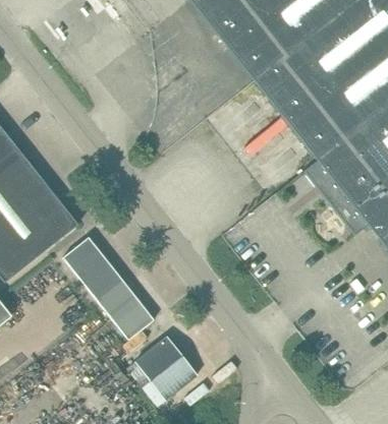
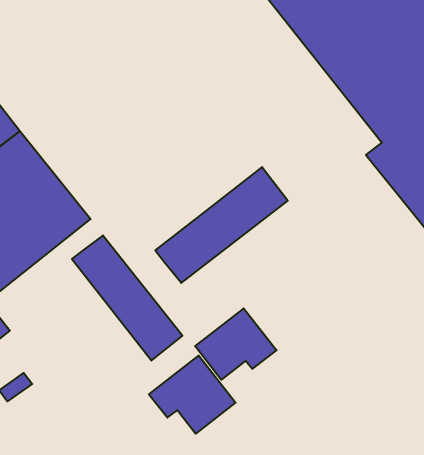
building: none -> [155,167,288,283]
building: none -> [195,308,277,380]

